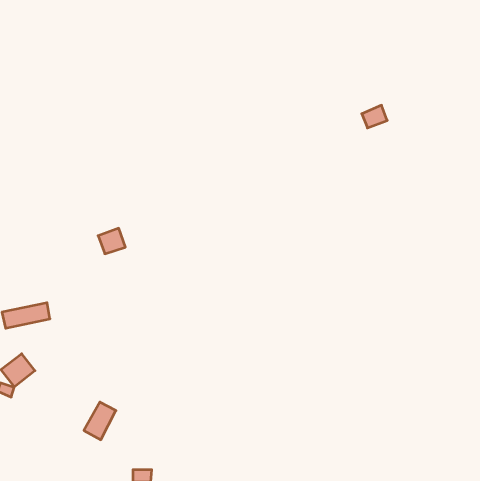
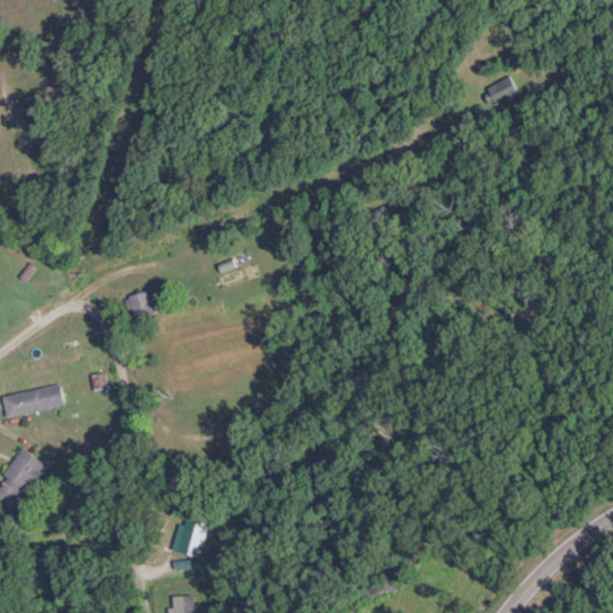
building: [362,105,387,128] -> [484,78,516,107]
building: [84,402,116,440] -> [174,506,214,554]

